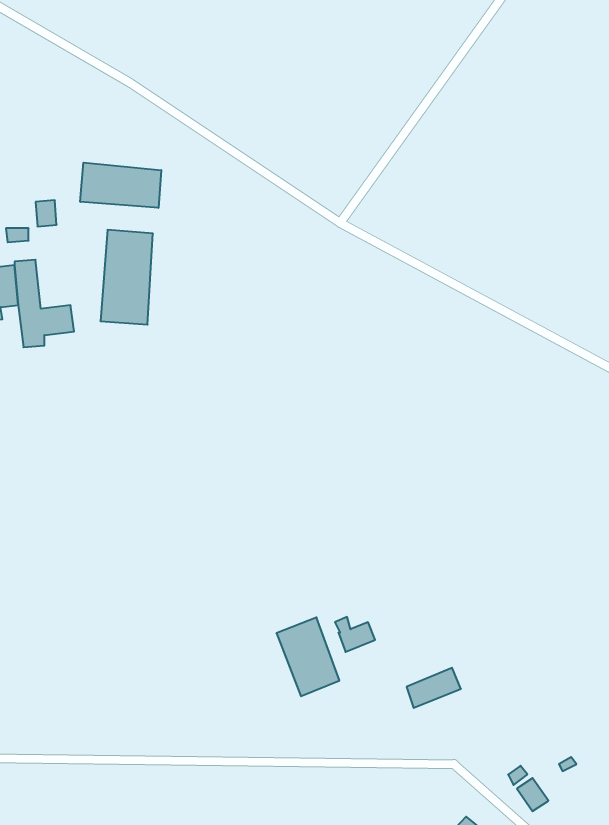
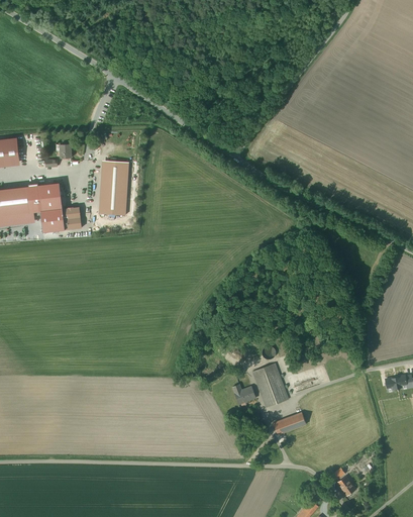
building: [80,163,161,208] -> none
building: [276,617,339,696] -> [251,366,288,411]

